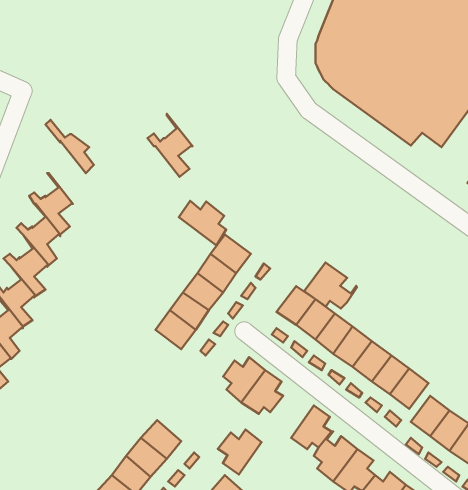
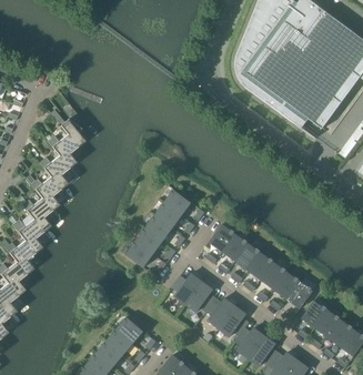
building: [147,114,193,177] -> [47,124,78,168]
building: [179,201,226,246] -> none
building: [304,263,357,308] -> none
building: [218,429,262,475] -> [204,297,234,328]

